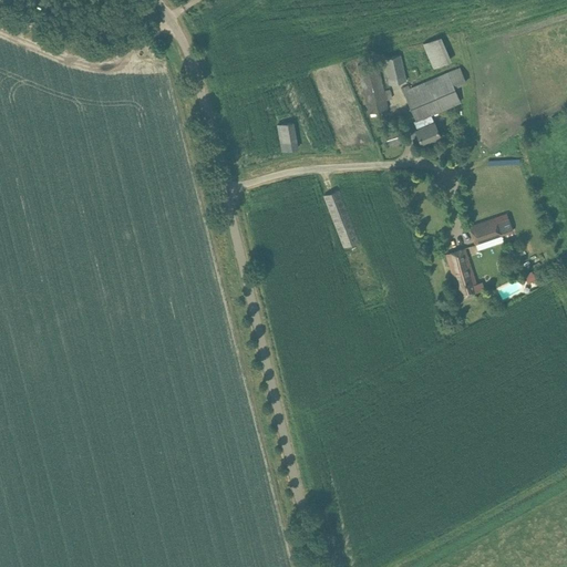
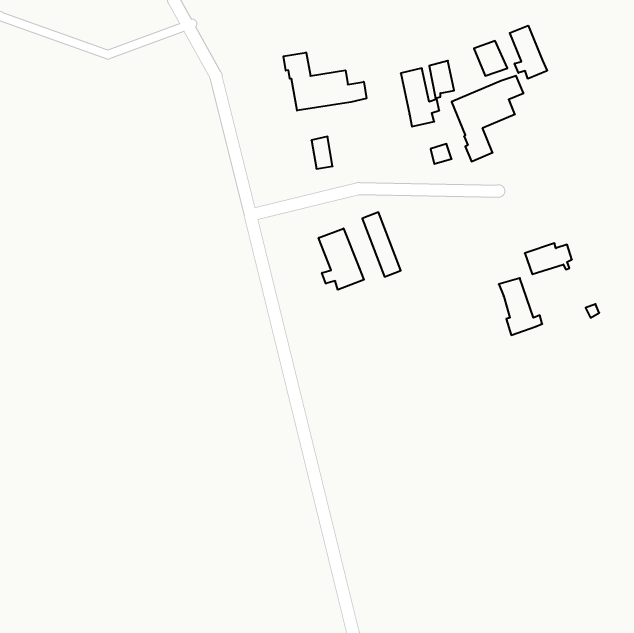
building: none -> [510,26,547,79]
building: none -> [283,52,366,111]
building: none -> [319,228,364,290]

